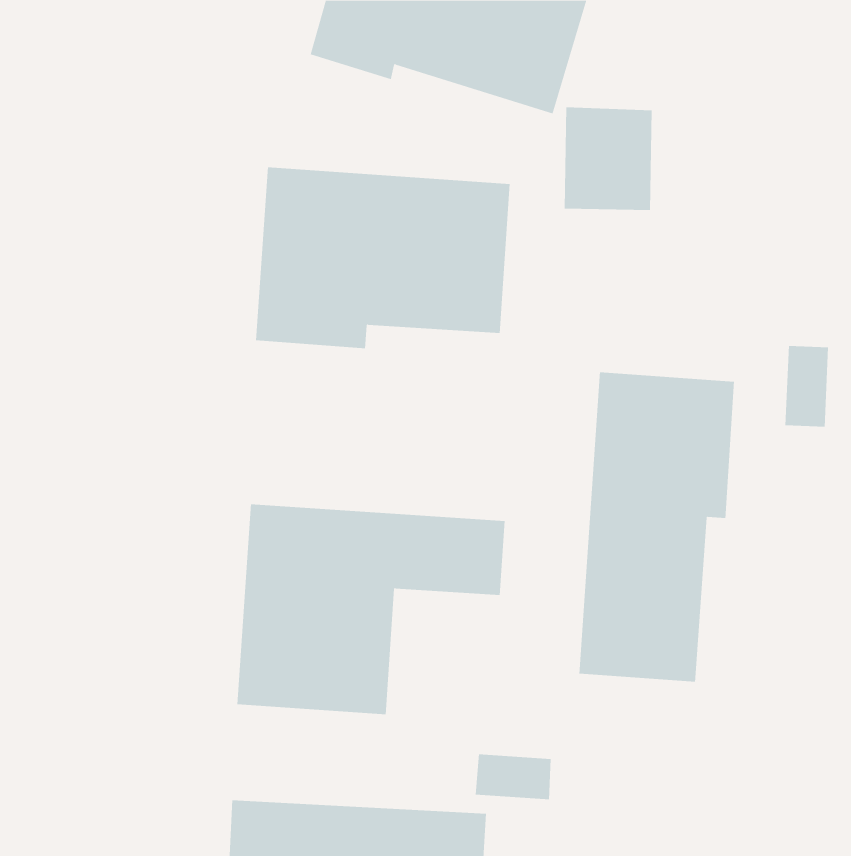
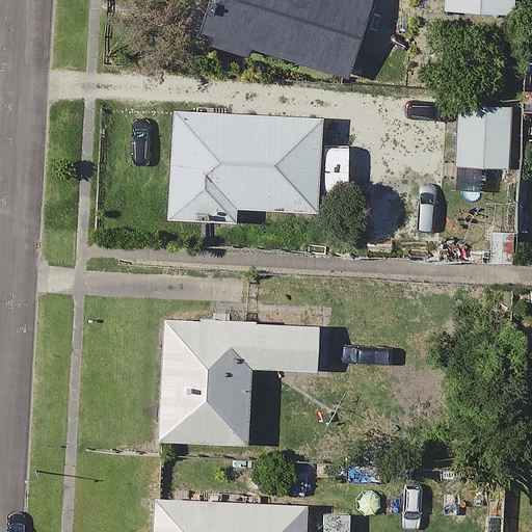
building: [564,107,652,211] -> [458,107,512,170]
building: [579,372,735,682] -> none

